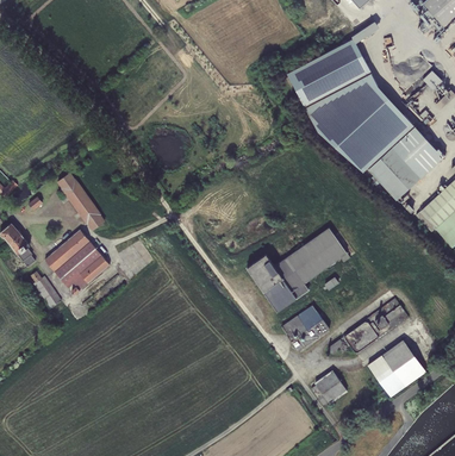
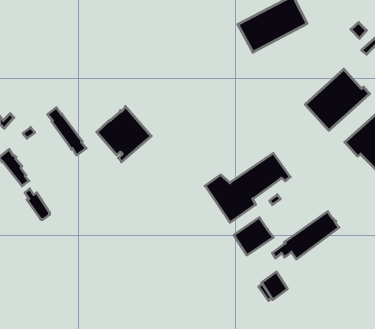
building: [305,71,415,171] -> none
building: [45,229,111,295] -> [97,106,151,162]
building: [368,339,425,395] -> none

